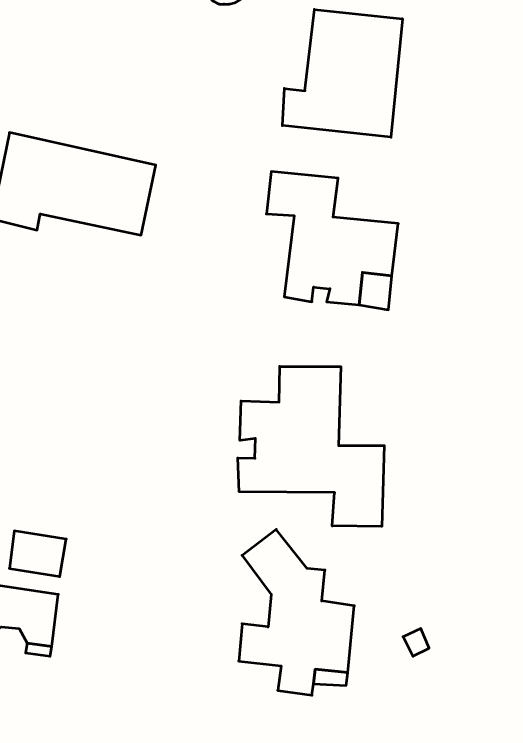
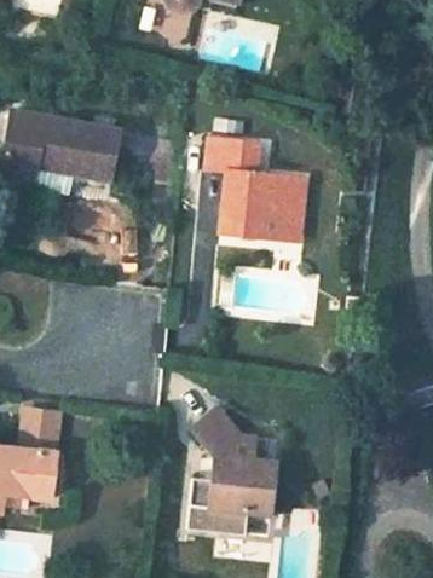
building: [282,9,402,137] -> none
building: [238,366,384,526] -> none

